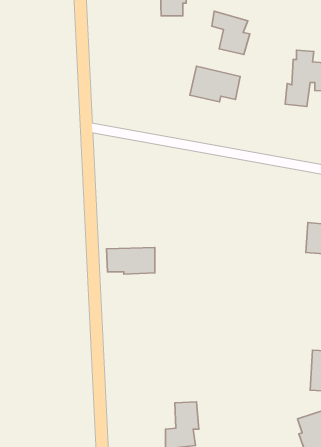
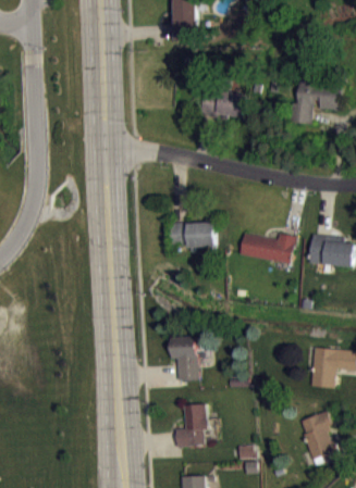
building: [212,11,250,55] -> none
building: none -> [241,233,296,263]
building: [107,248,155,274] -> [171,222,217,247]
building: none -> [172,336,199,379]

